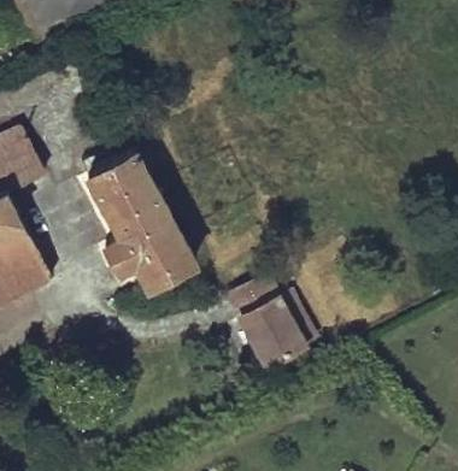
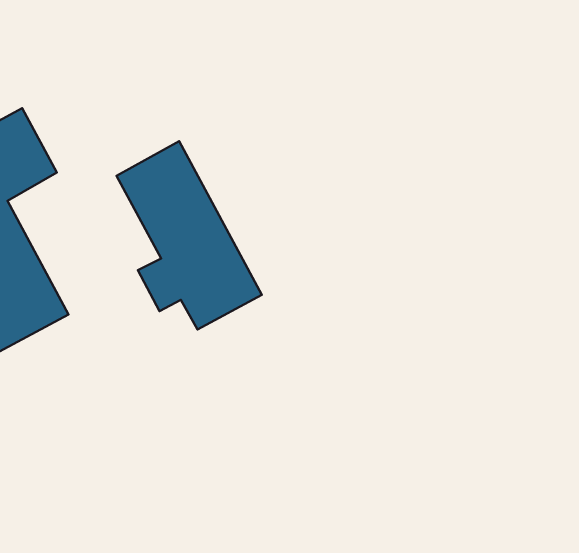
building: [225,278,303,370] -> none

